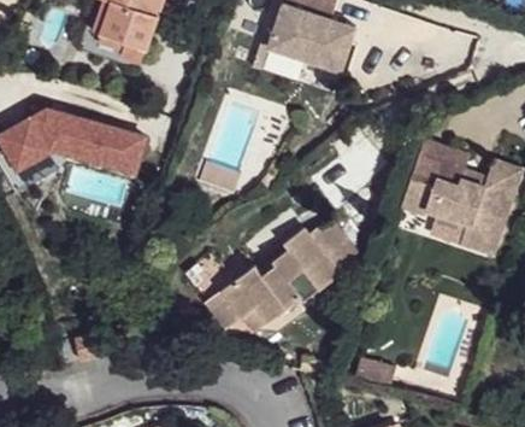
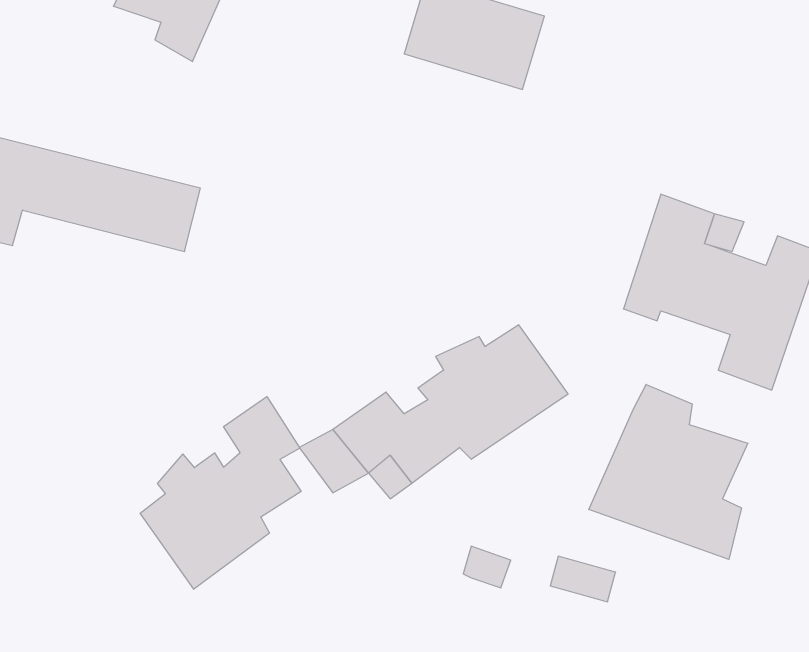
building: none -> [589,384,748,559]
building: none -> [140,397,301,589]

